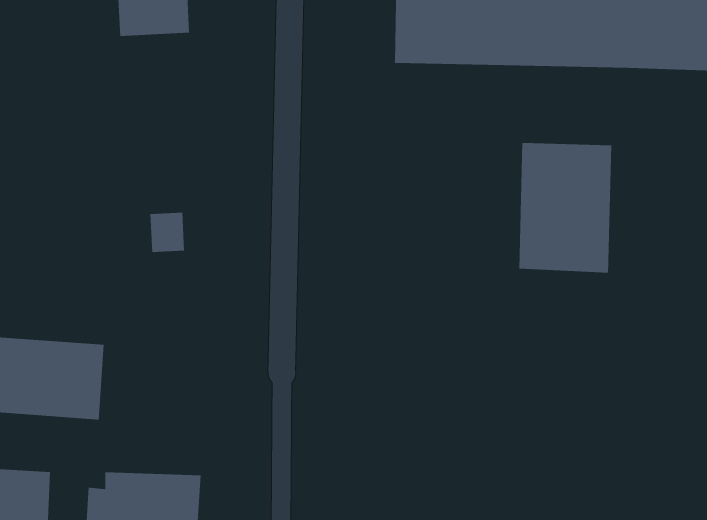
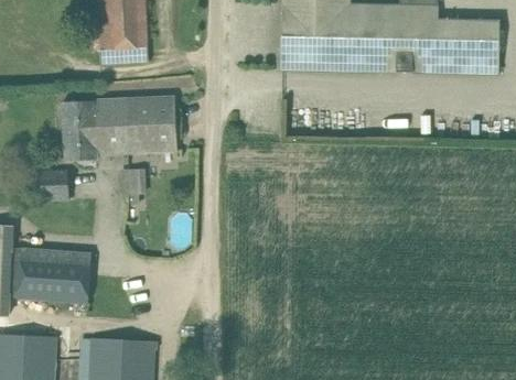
building: none -> [63,97,178,161]
building: [519,142,612,274] -> none
building: none -> [39,170,69,200]

